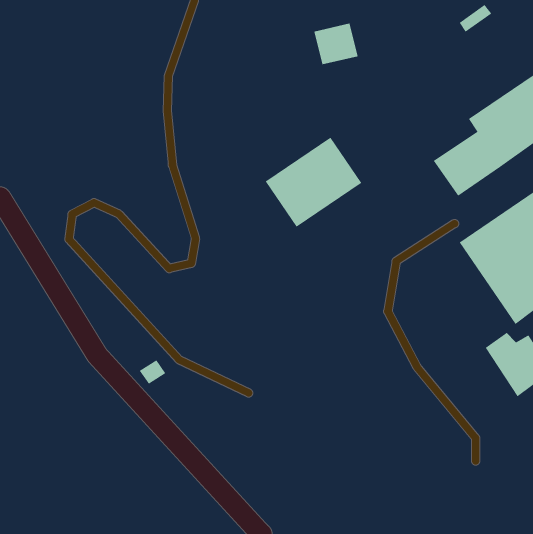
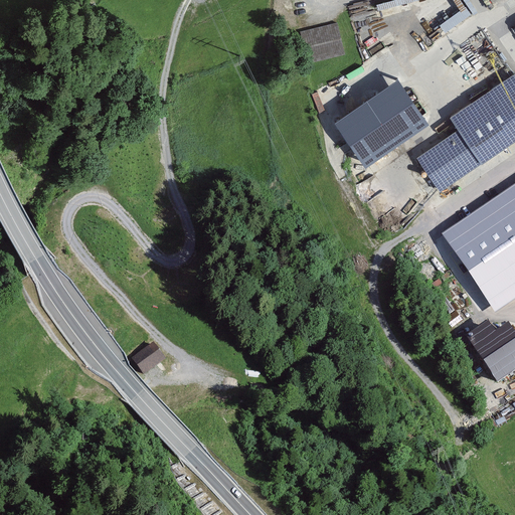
building: [265,137,362,228] -> [336,80,430,168]

